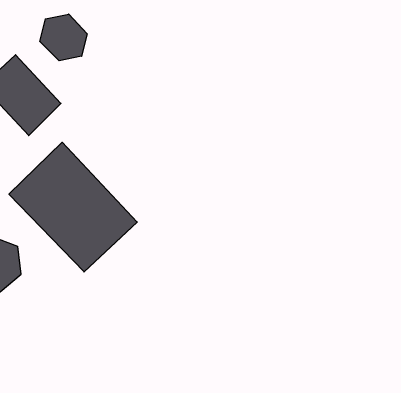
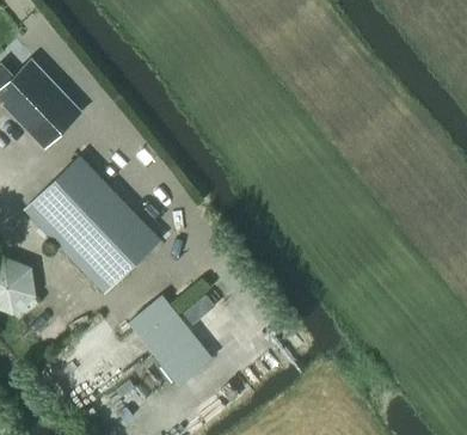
building: [40,14,87,61] -> none
building: none -> [133,301,205,380]

